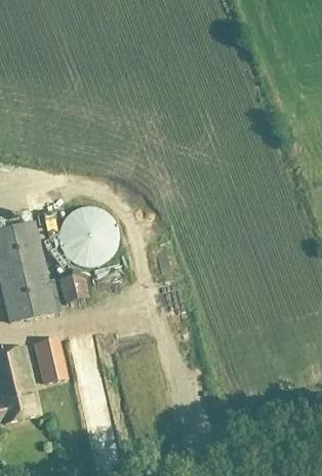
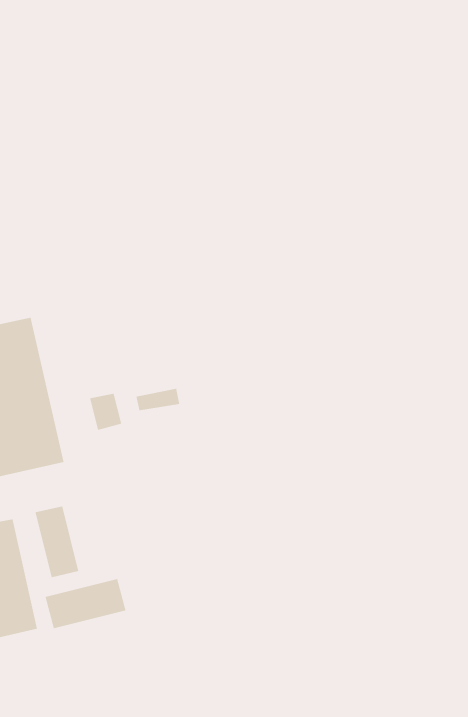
building: [58,207,119,268] -> none
building: none -> [44,578,127,629]

